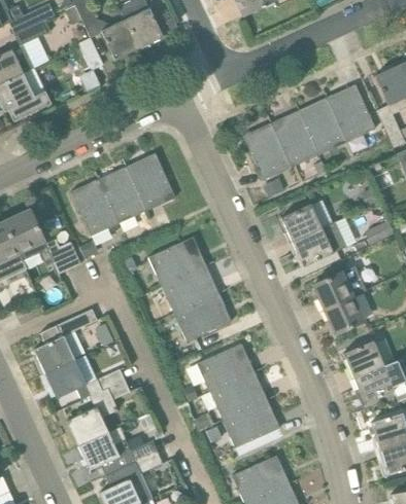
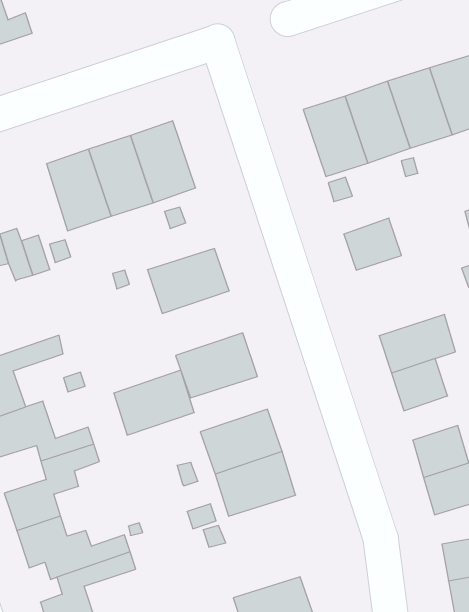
building: [292,217,357,265] -> none
building: [162,264,218,313] -> [114,370,194,435]
building: [223,399,280,446] -> none

